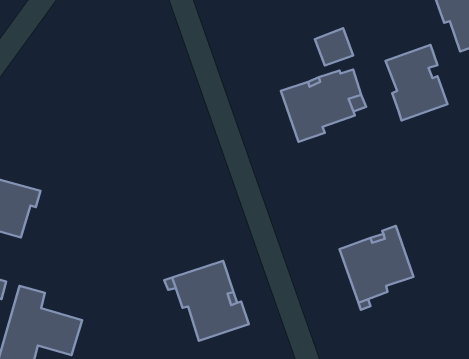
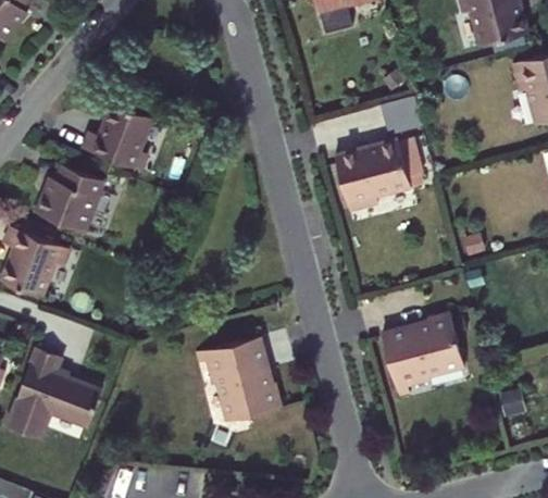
building: [386,45,447,121] -> none
building: none -> [82,99,152,171]
building: none -> [34,163,100,229]

